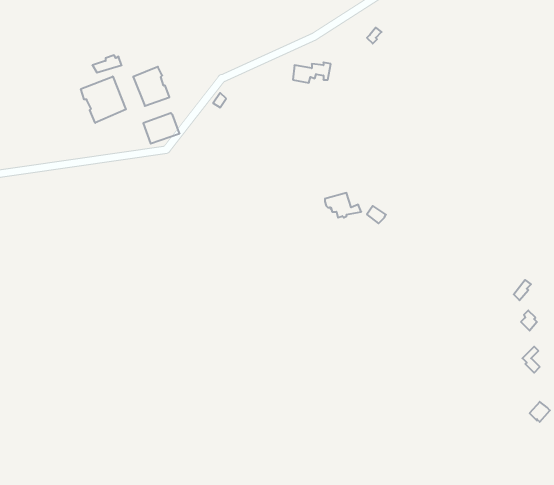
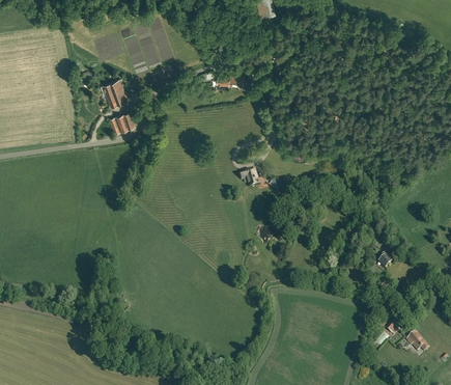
building: [81,76,126,123] -> none

